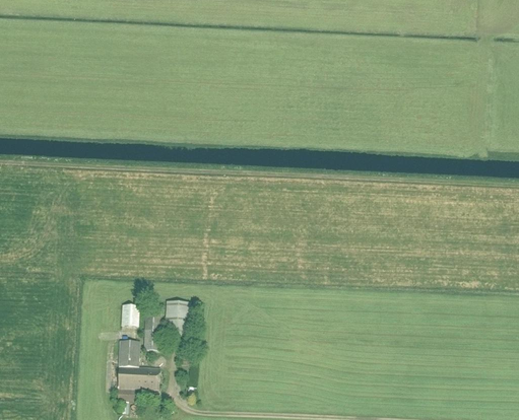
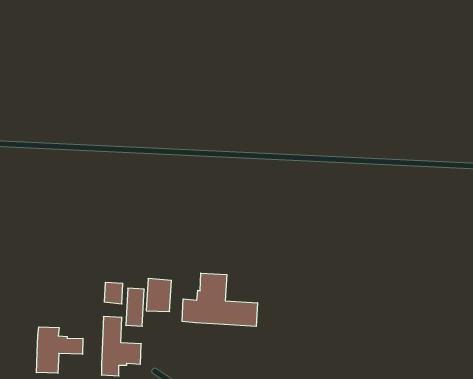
building: none -> [182,273,257,326]
building: none -> [36,327,83,373]

